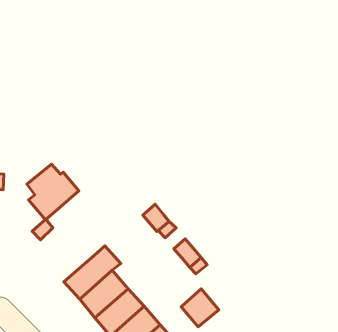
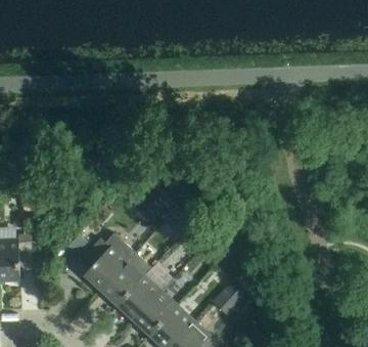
building: [27,164,79,220] -> [81,240,129,291]

